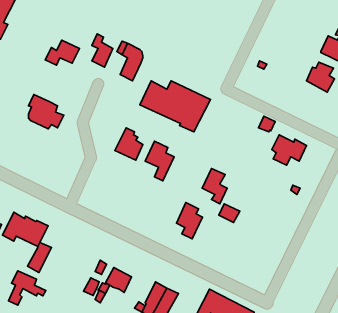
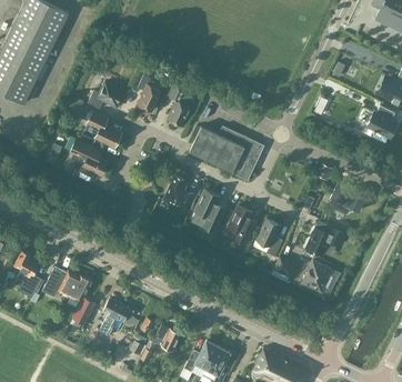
building: none -> [67,101,122,147]
building: none -> [305,228,344,255]
building: [177,202,203,239] -> [228,205,255,244]
building: none -> [302,261,331,292]
building: [8,271,46,305] -> [99,299,139,335]

